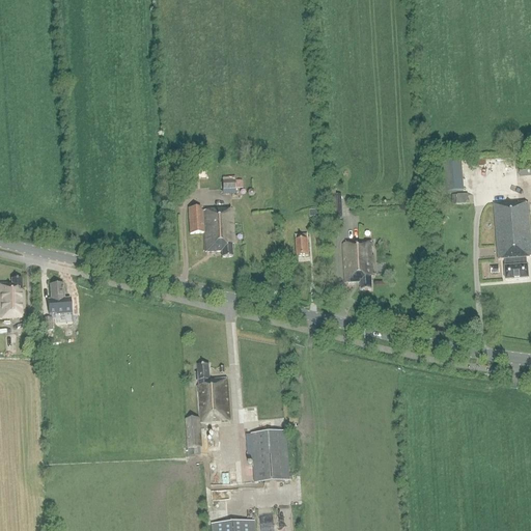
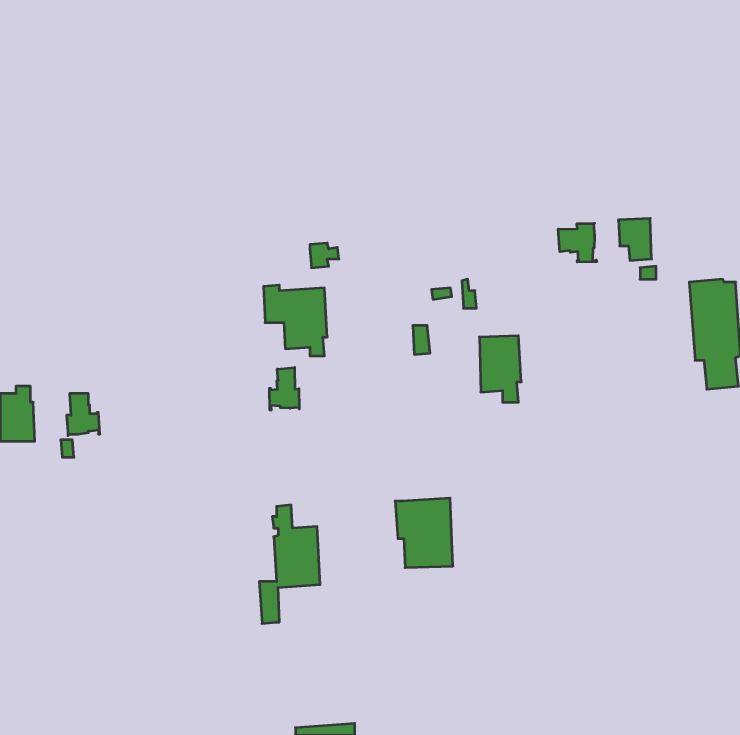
building: none -> [558,223,597,262]
building: none -> [269,367,299,410]
building: [245,431,286,481] -> [395,498,453,568]

